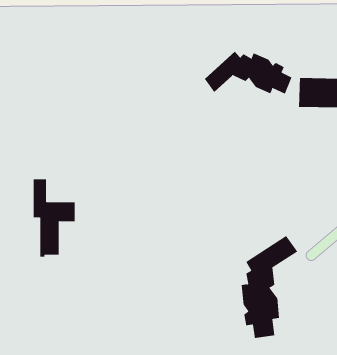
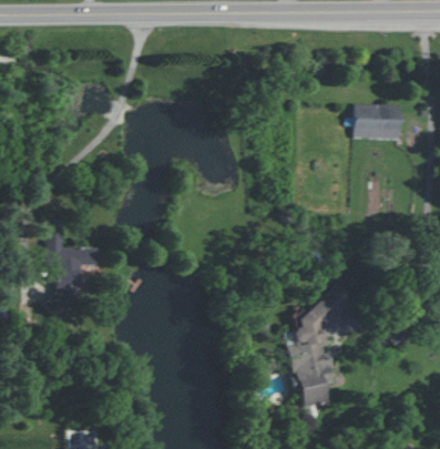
building: [204,51,292,94] -> none

